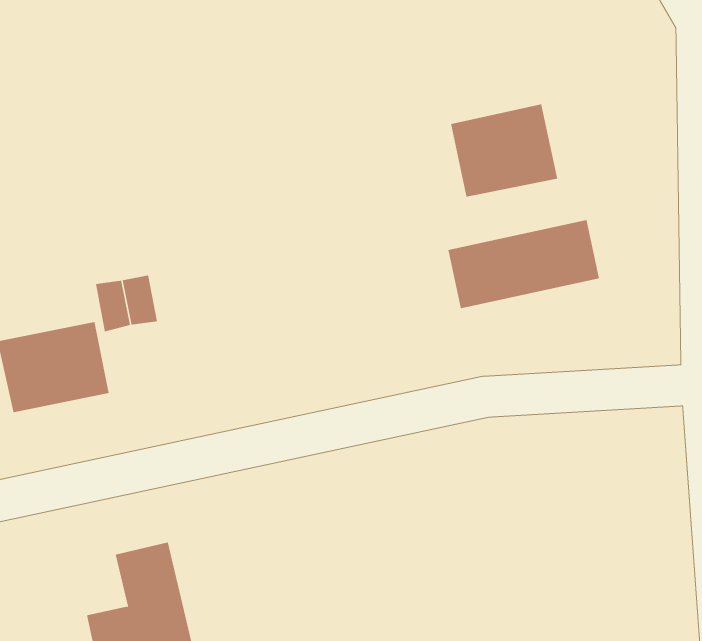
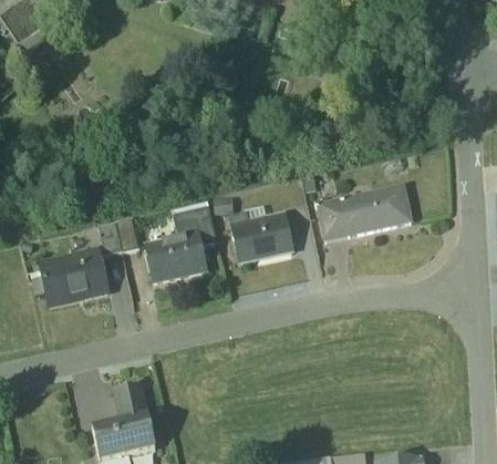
building: [451,104,558,198] -> none
building: none -> [229,204,291,260]
building: none -> [145,205,215,280]

